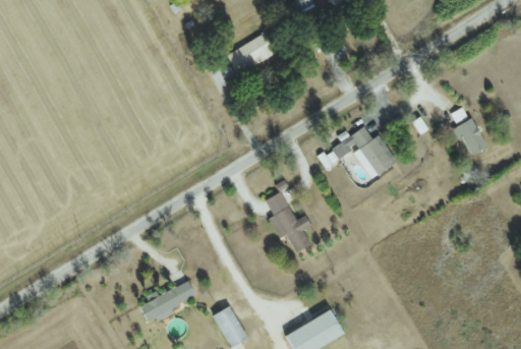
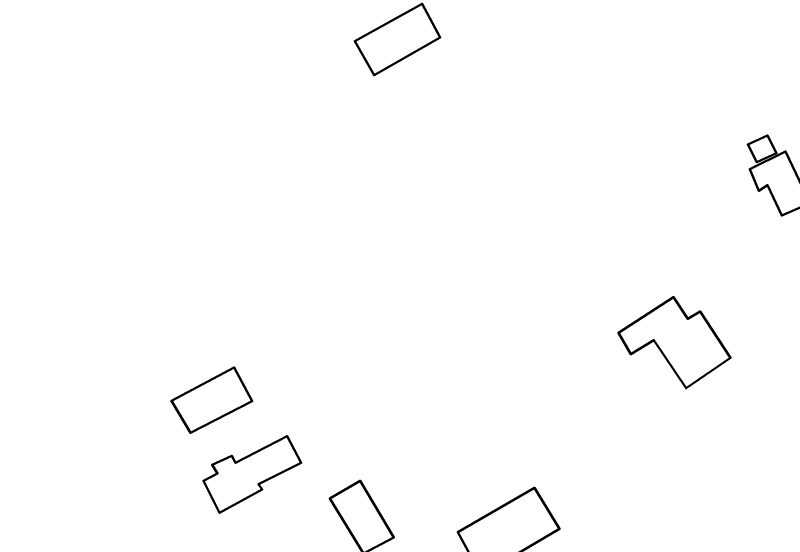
building: [332,127,396,179] -> [618,297,731,388]
building: [265,192,310,252] -> none
building: none -> [172,368,252,433]

